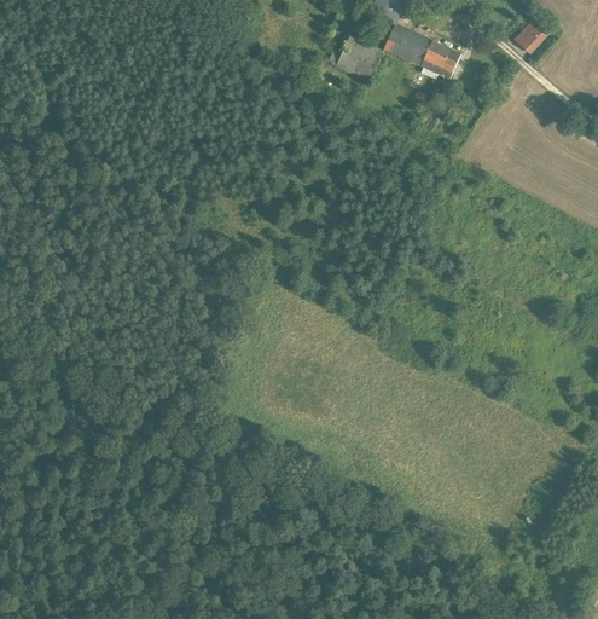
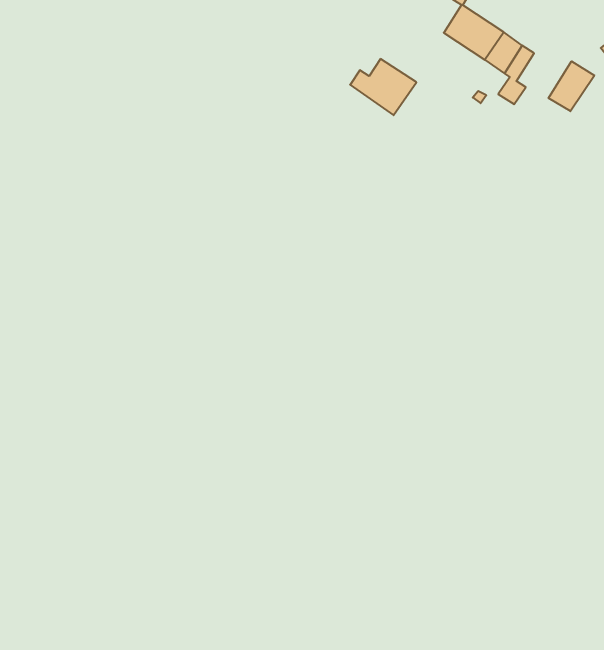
building: [327,36,382,81] -> [350,59,416,115]
building: none -> [549,61,594,111]

